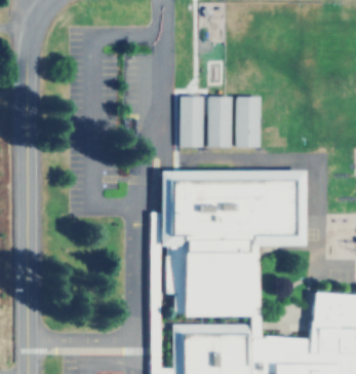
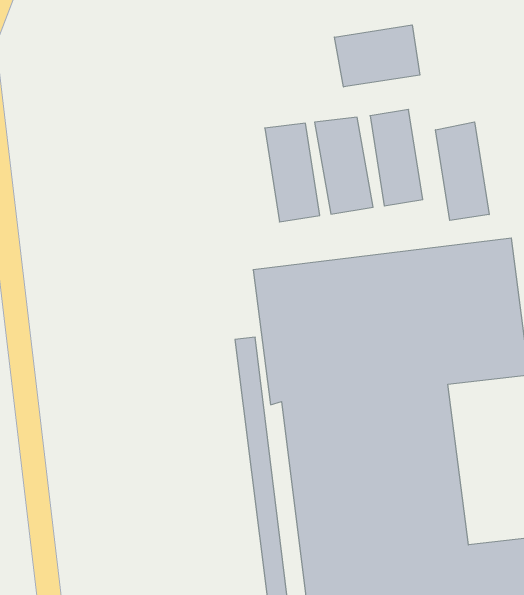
building: none -> [334,25,420,87]
building: none -> [436,122,489,220]

